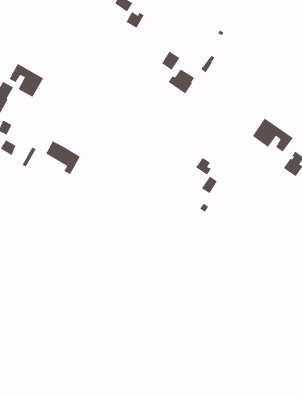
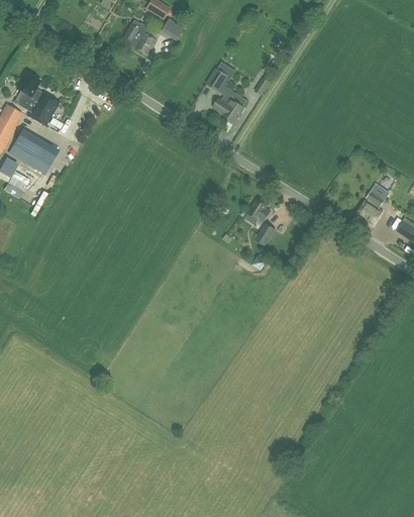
building: none -> [119,23,156,56]
building: [252,118,294,153] -> none
building: [45,140,81,175] -> [13,129,58,173]

